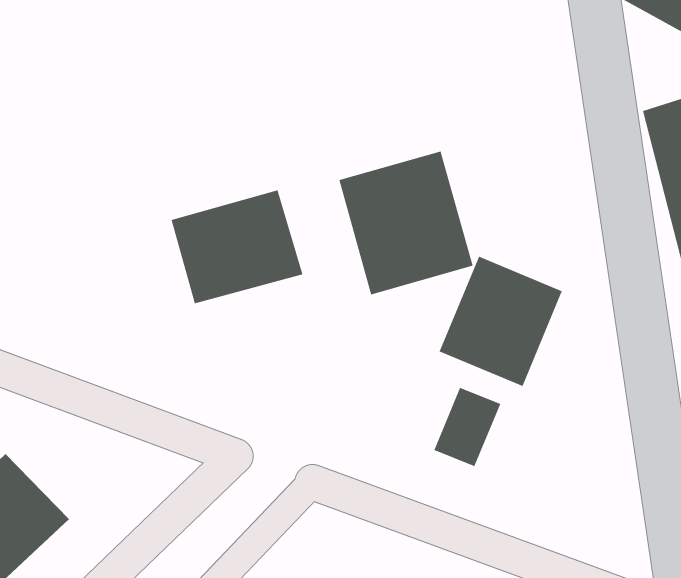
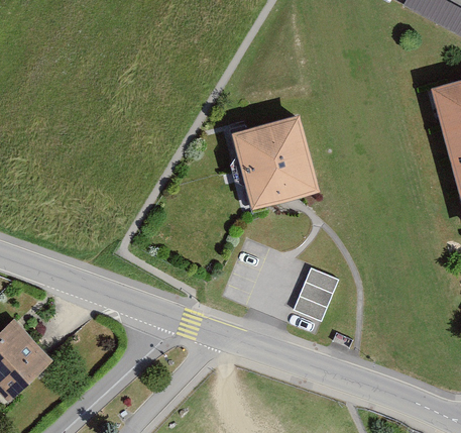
building: [171,189,303,304] -> none
building: [439,256,563,387] -> none

